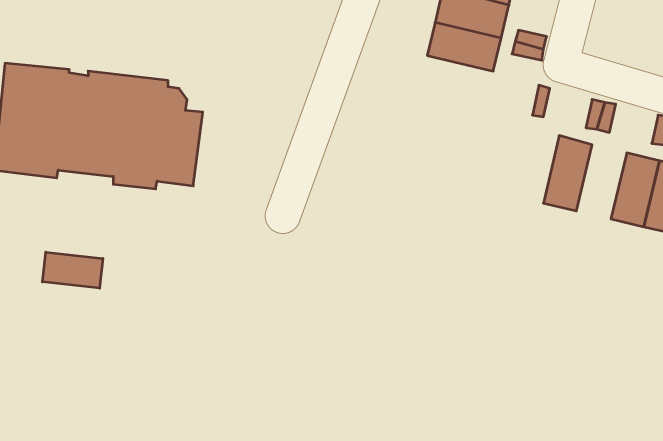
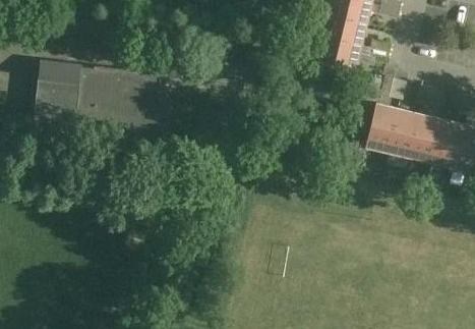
building: none -> [366,101,399,150]
building: none -> [410,112,442,160]
building: [42,252,103,288] -> none

